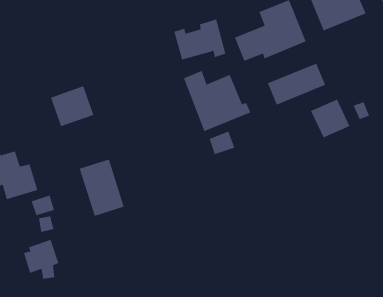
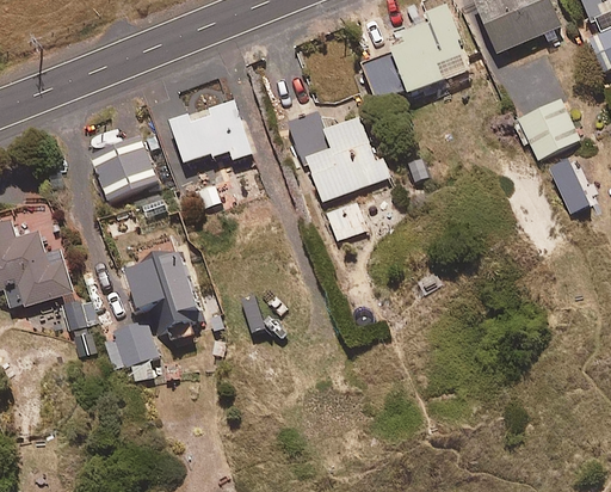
building: [173,19,226,60] -> [172,102,251,164]
building: [267,63,326,105] -> none
building: [310,99,350,138] -> [520,99,580,158]
building: [23,239,59,279] -> [104,319,158,379]

